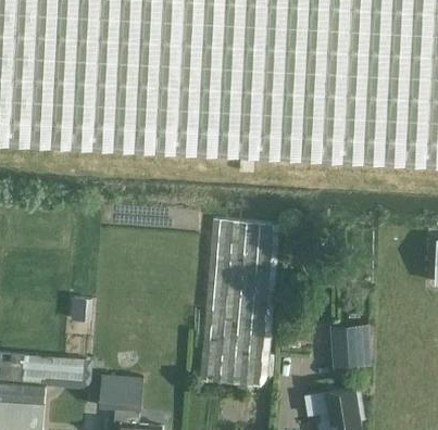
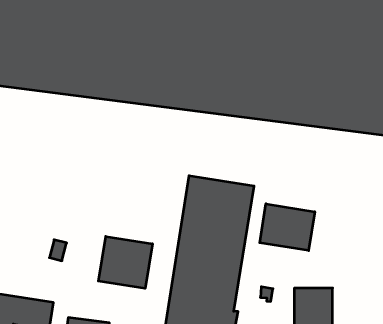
building: none -> [260,204,315,251]
building: none -> [98,236,152,288]

